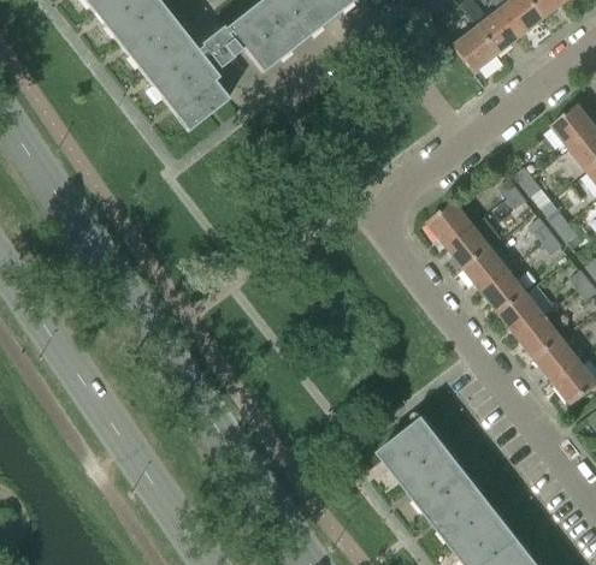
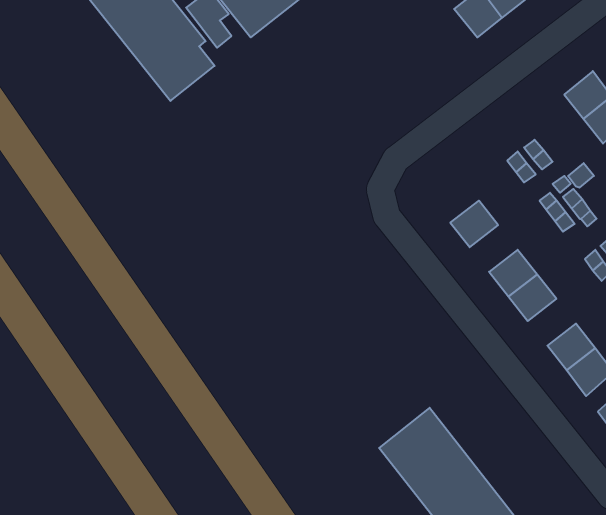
building: [427,202,472,245] -> none
building: [464,248,508,291] -> none
building: [518,316,562,359] -> none

